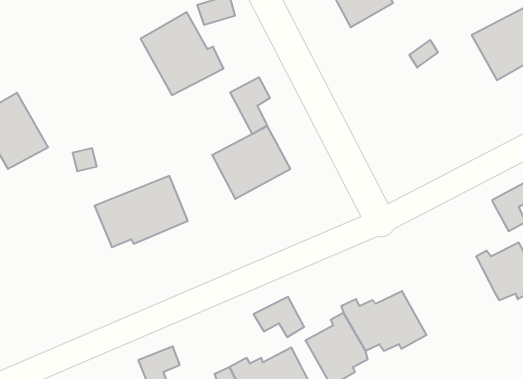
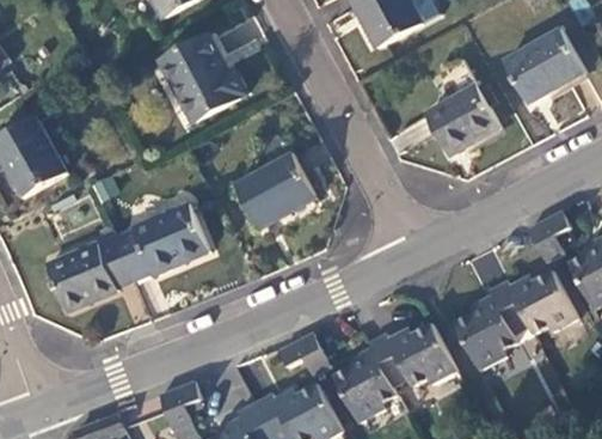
building: none -> [428,85,503,156]
building: [230,77,270,134] -> none
building: none -> [47,234,131,310]
building: none -> [454,279,528,368]

